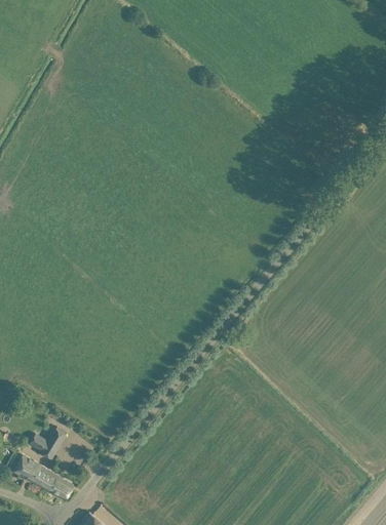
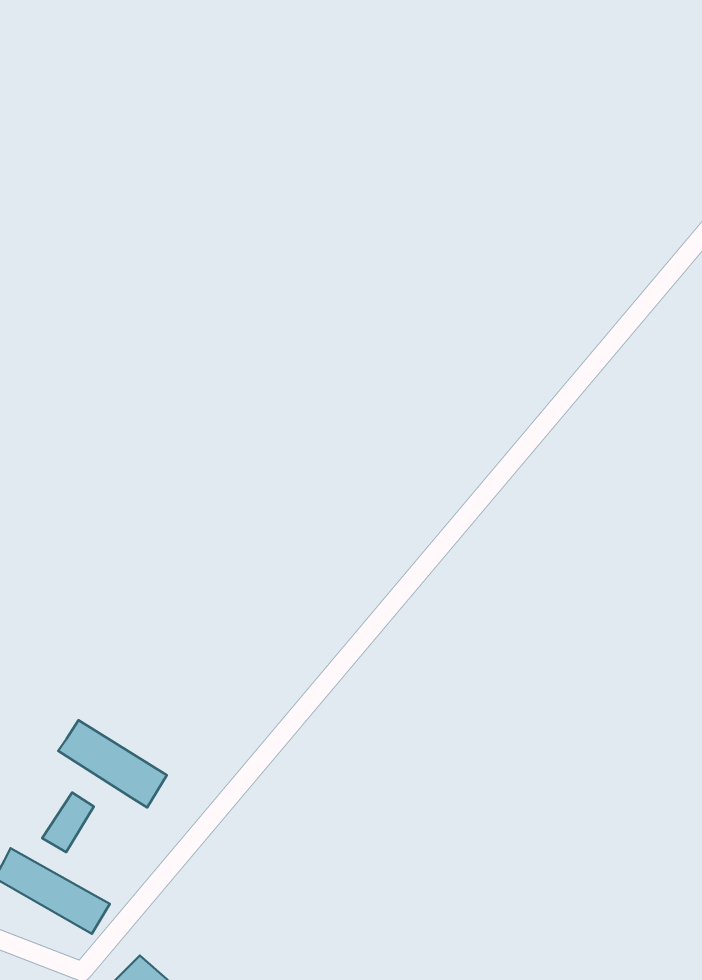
building: none -> [58,720,167,808]

